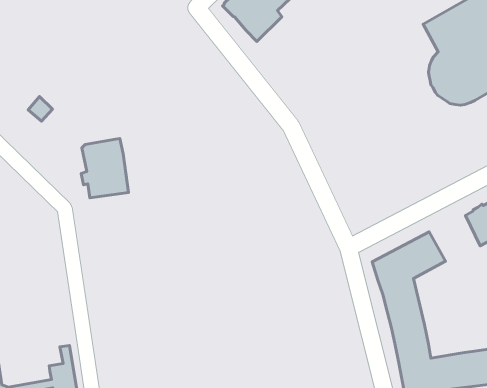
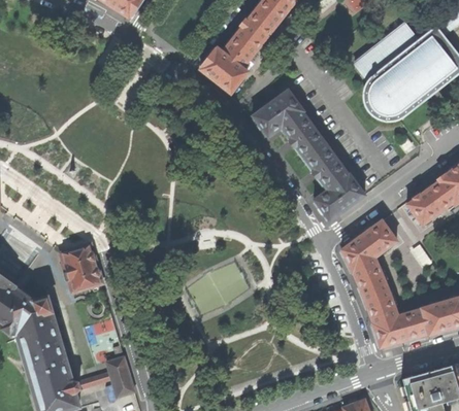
building: none -> [254,89,365,220]
building: [81,138,129,198] -> [61,242,101,290]

